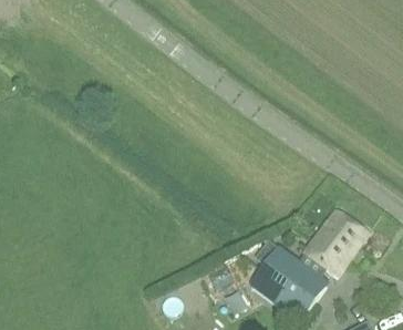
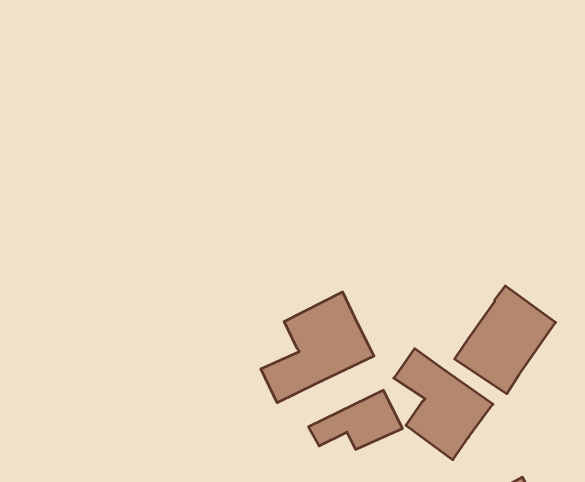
building: none -> [261,292,374,403]

